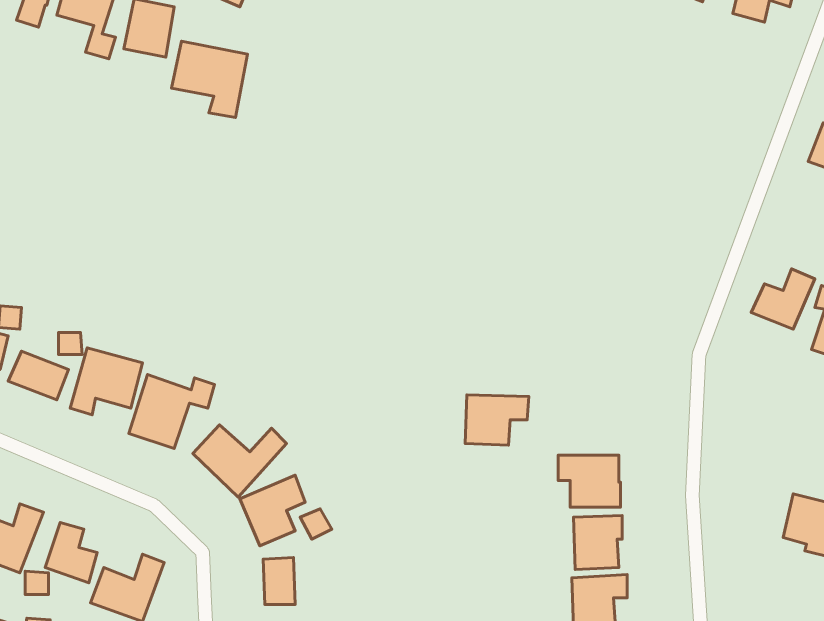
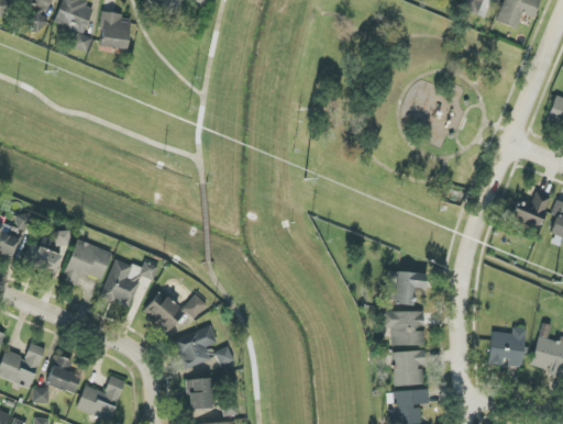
building: [171,41,248,117] -> none
building: [465,395,529,445] -> [385,271,427,304]
building: none -> [489,326,527,367]

